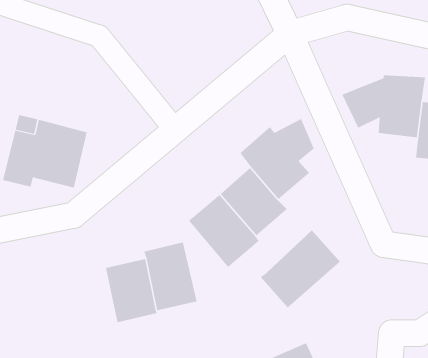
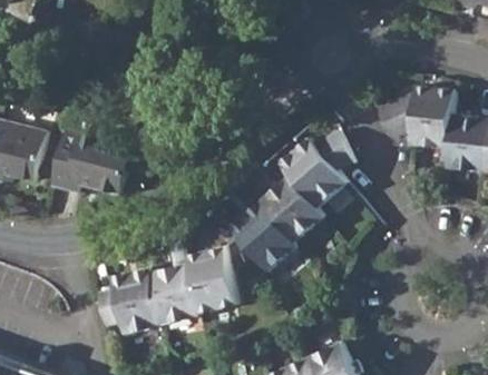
building: [260,229,341,308] -> none
building: none -> [97,269,160,334]

